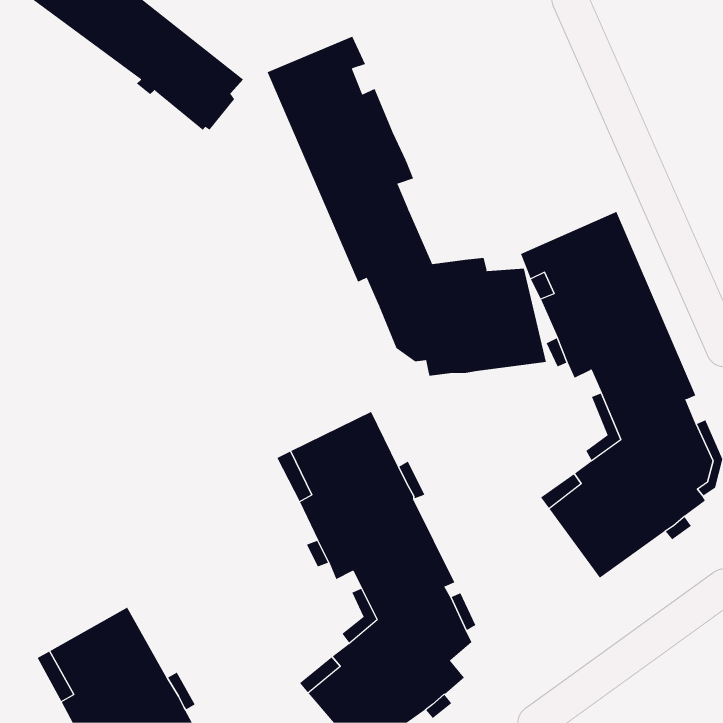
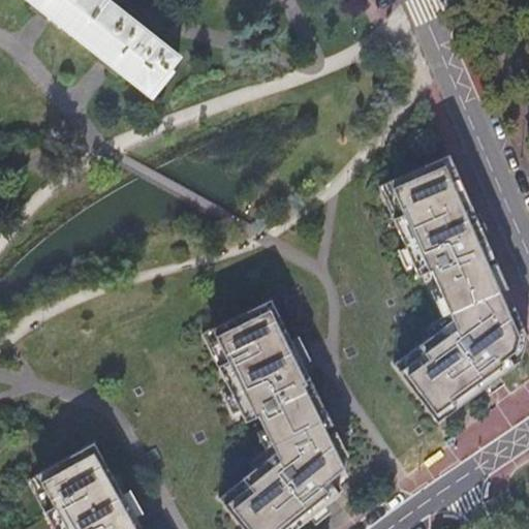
building: [267,36,547,376] -> none

